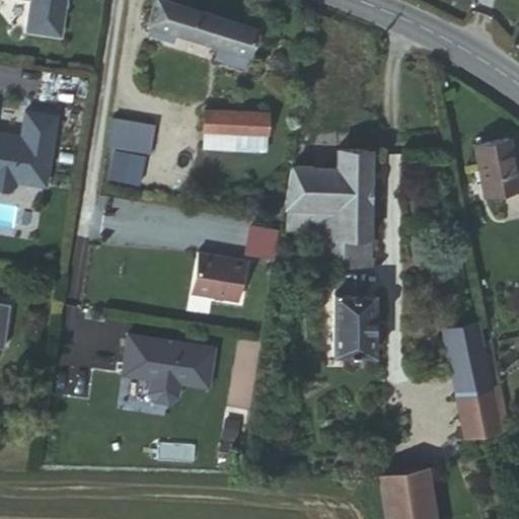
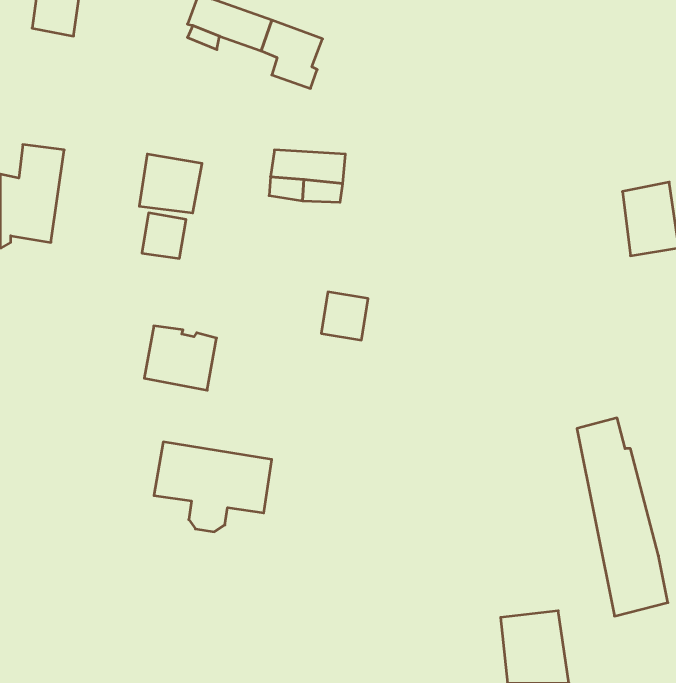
building: [291,153,375,266] -> none
building: [190,253,244,302] -> [144,326,217,390]
building: [331,294,373,355] -> none

